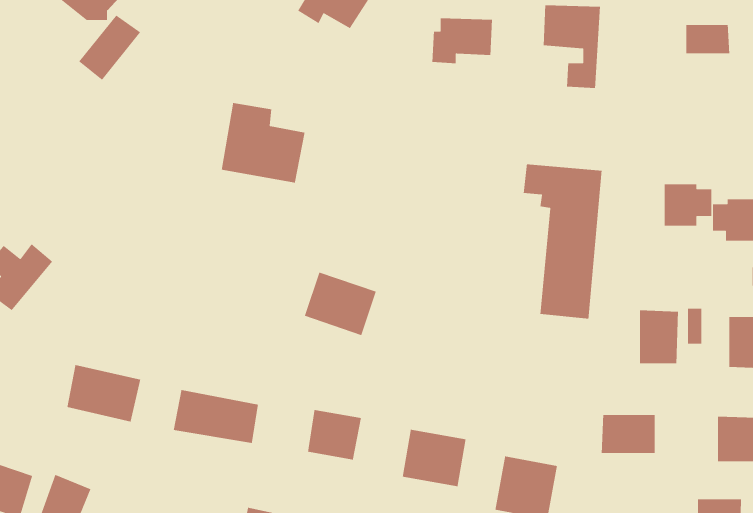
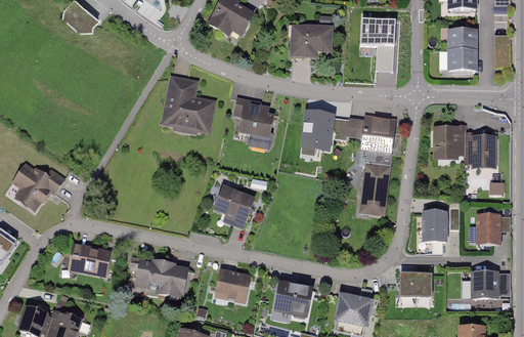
building: [78,15,141,81] -> none
building: none -> [448,51,476,72]
building: none -> [237,102,274,139]
building: none -> [300,112,337,145]

